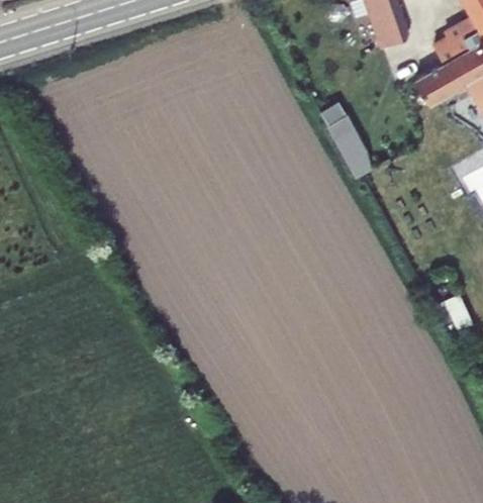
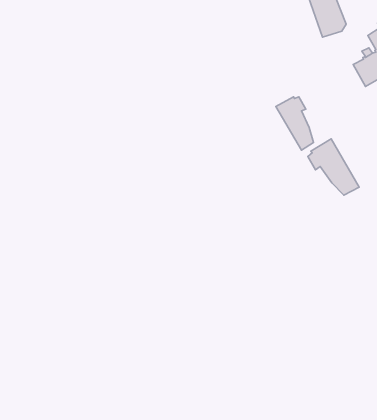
building: none -> [308,139,359,195]

